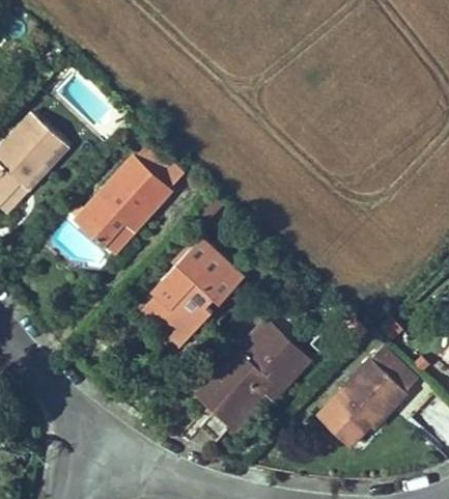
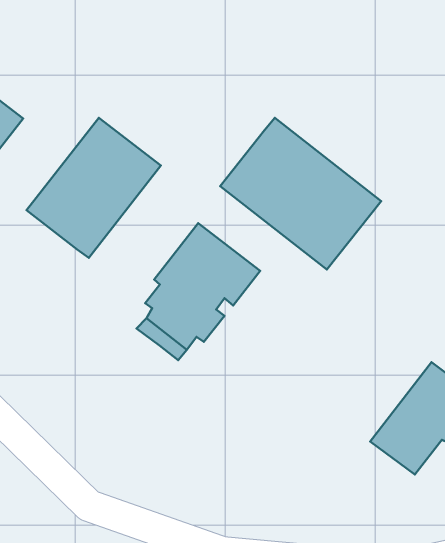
building: none -> [220,118,381,269]
building: [191,318,311,434] -> none

